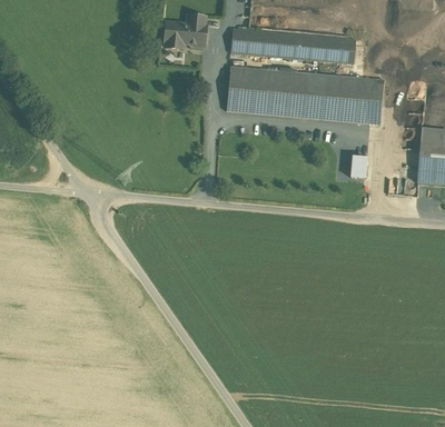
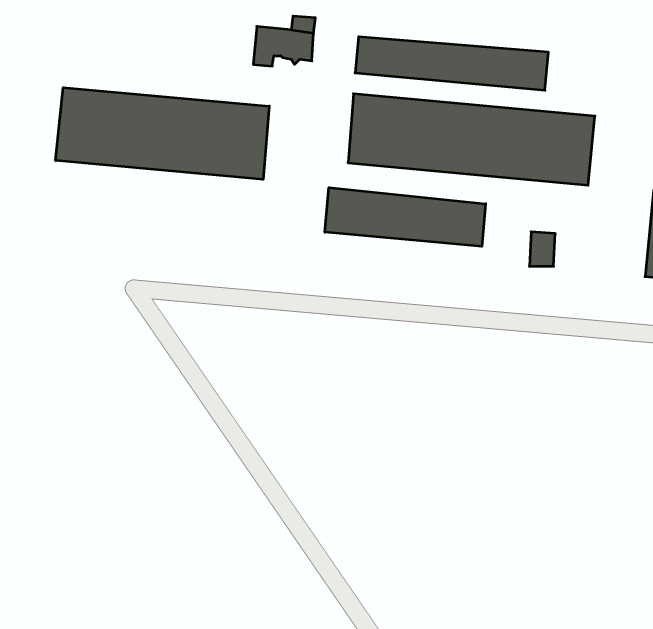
building: none -> [56,88,269,179]
building: none -> [325,188,486,246]

